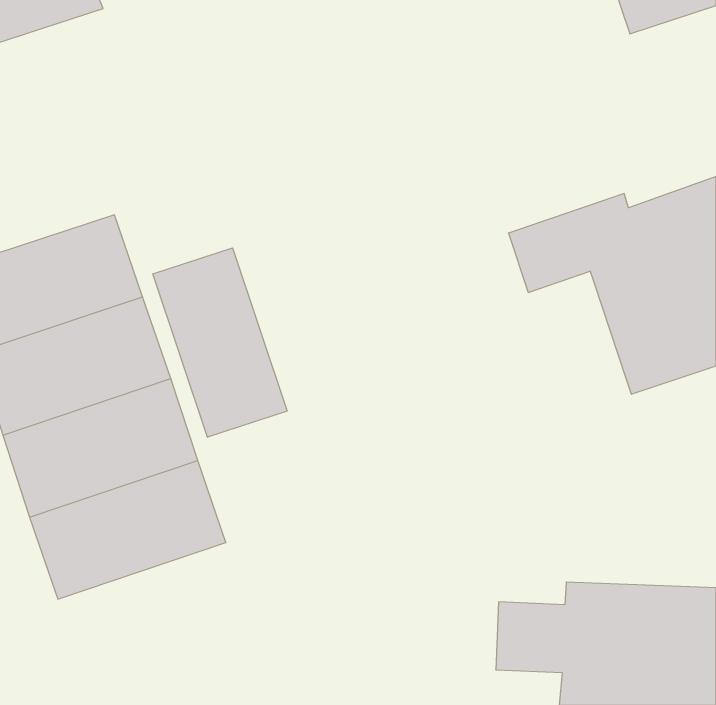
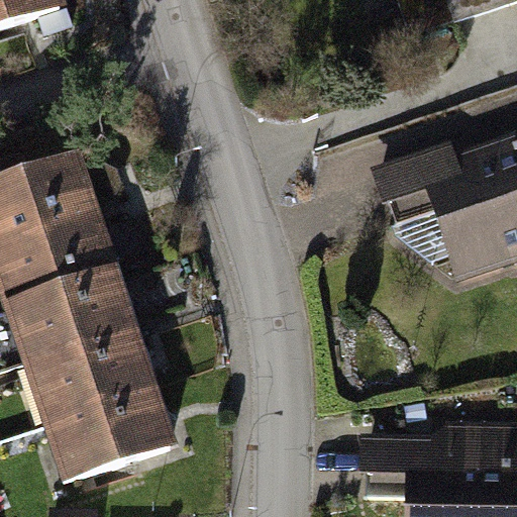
building: [153,248,287,437] -> none
building: none -> [41,388,181,487]

